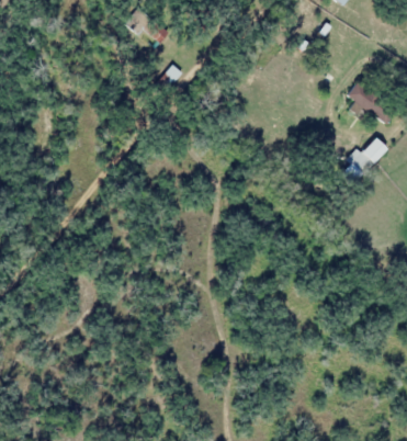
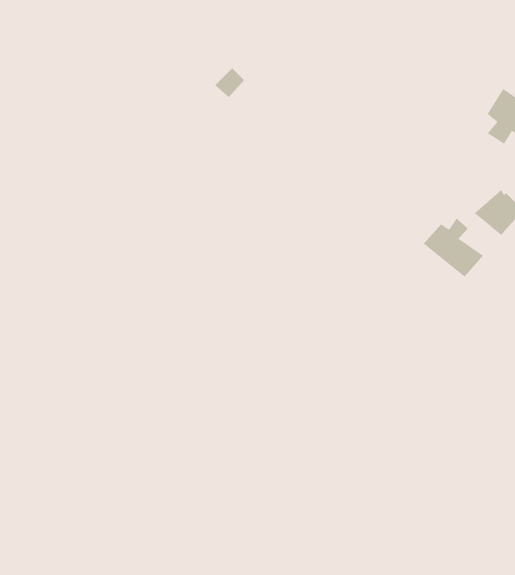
building: none -> [423,218,484,277]

